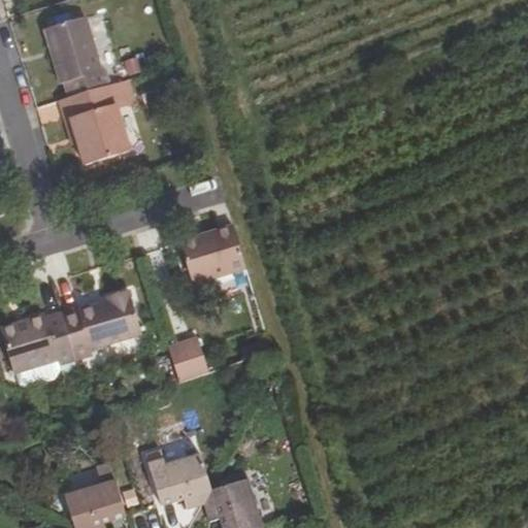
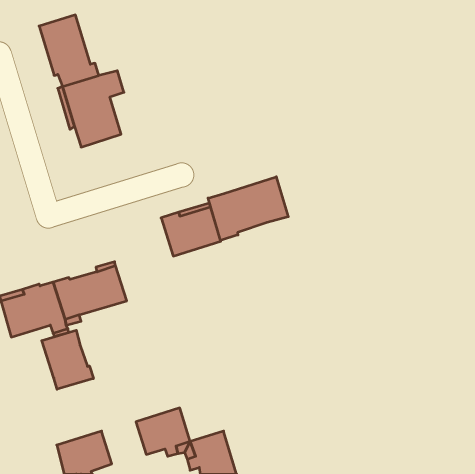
building: none -> [208,177,288,241]
building: [161,334,205,381] -> none
building: none -> [42,330,93,389]

